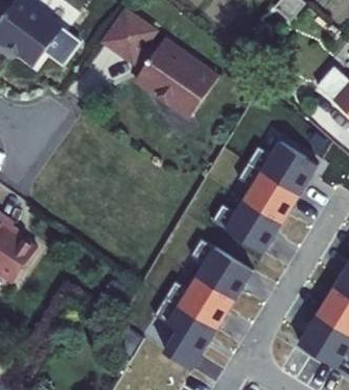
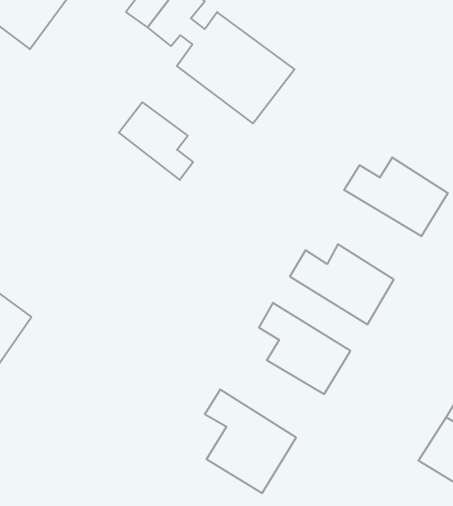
building: none -> [119,102,193,180]
building: [238,163,300,224] -> none
building: [165,278,235,330] -> none

